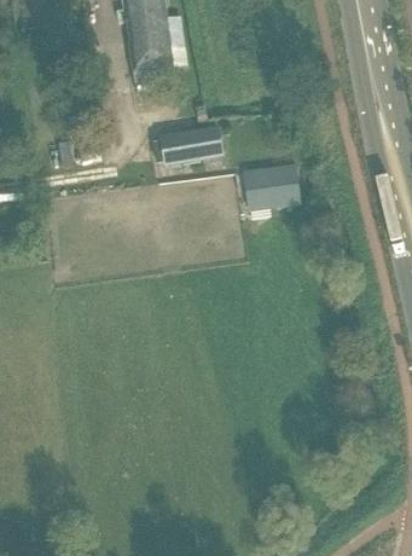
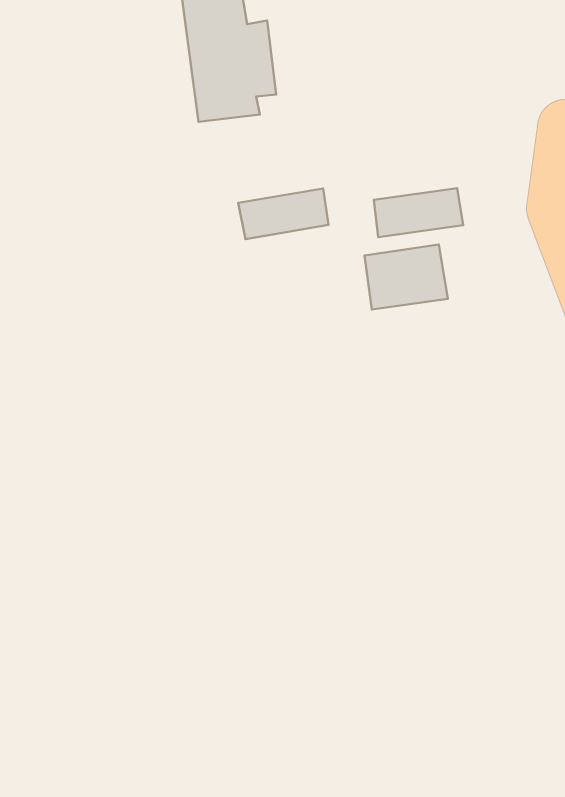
building: none -> [374,188,463,237]

